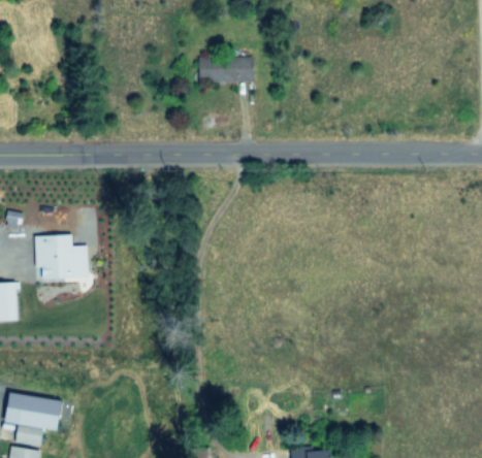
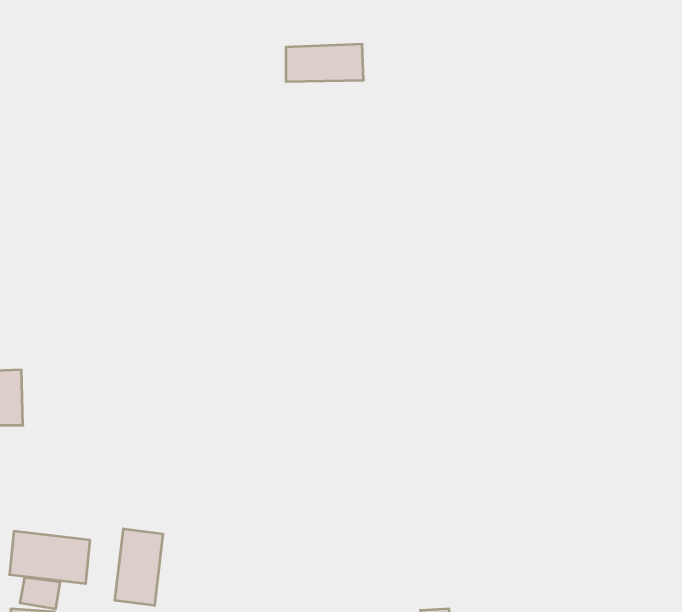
building: [34,234,87,279] -> none
building: none -> [115,529,163,606]

